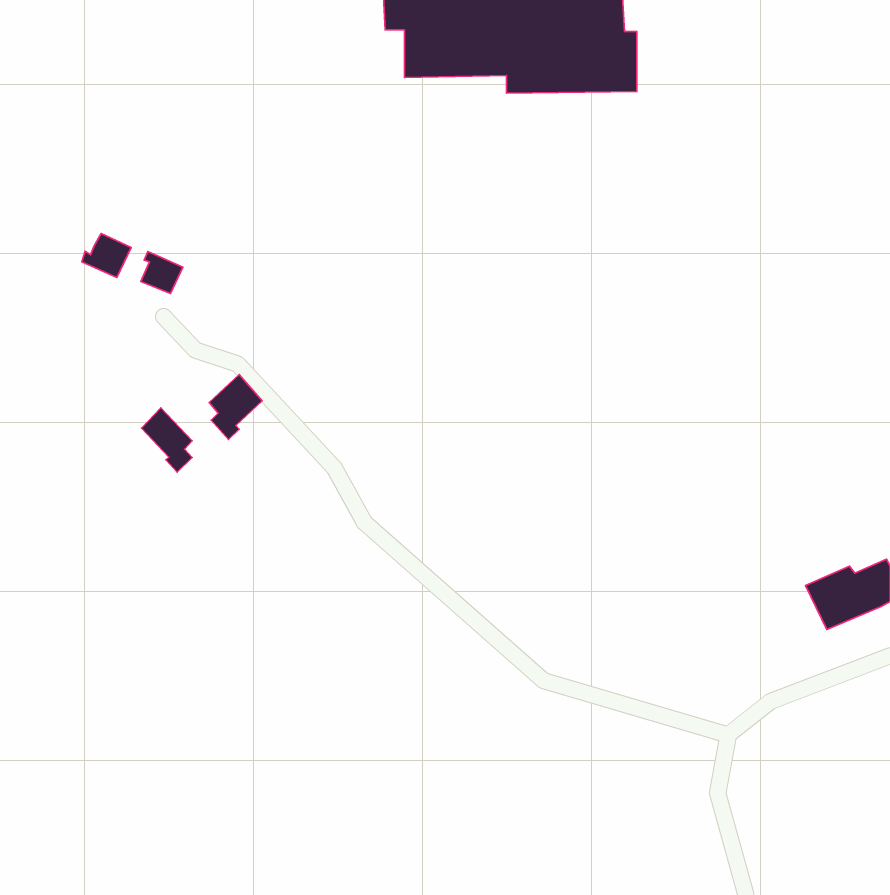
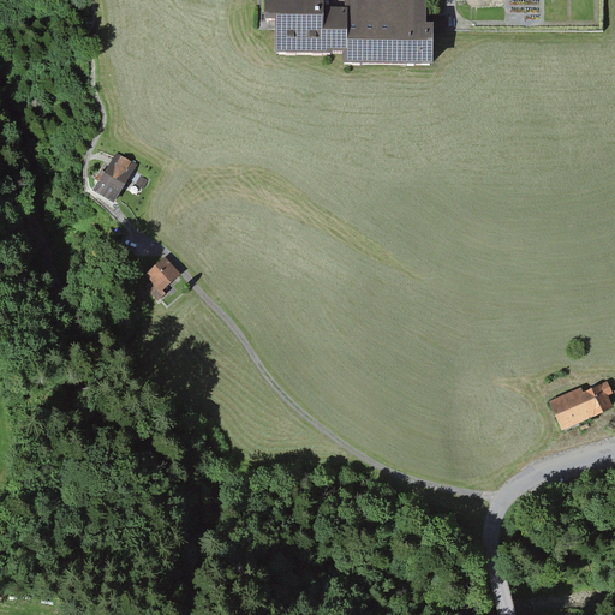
building: [82,234,131,278] -> [101,153,135,183]
building: [141,408,192,472] -> none

